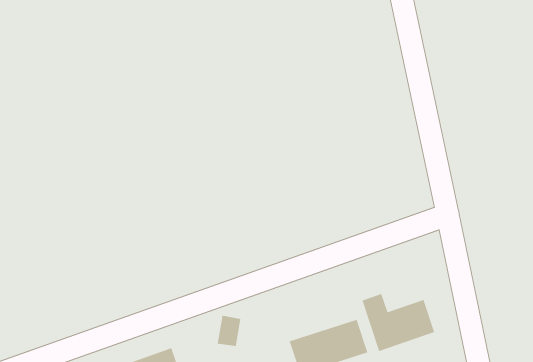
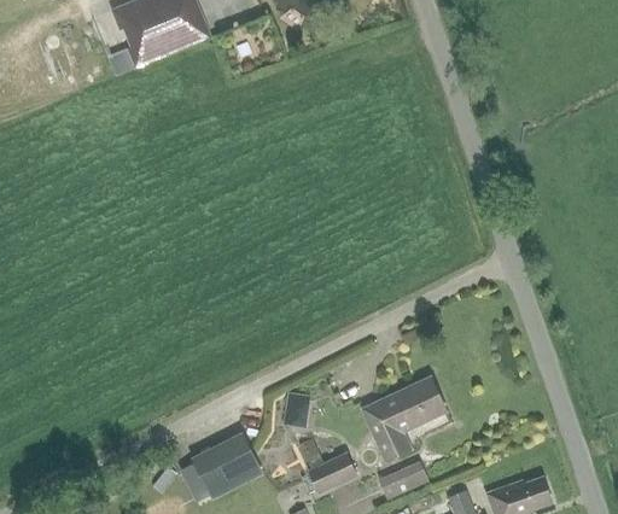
building: [362,293,435,352] -> none

